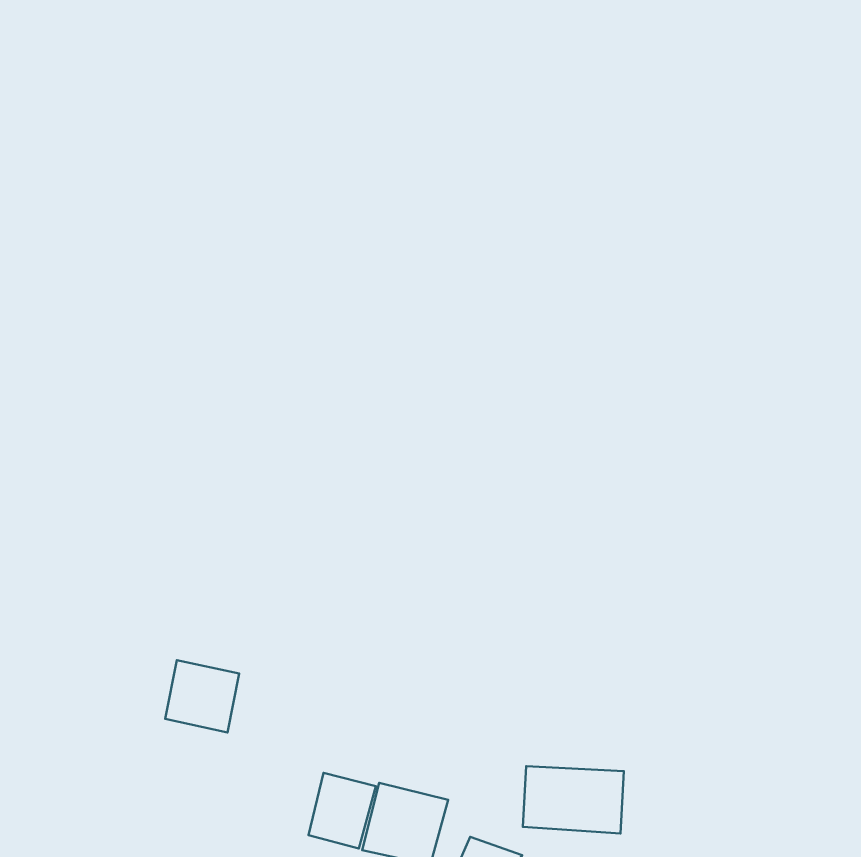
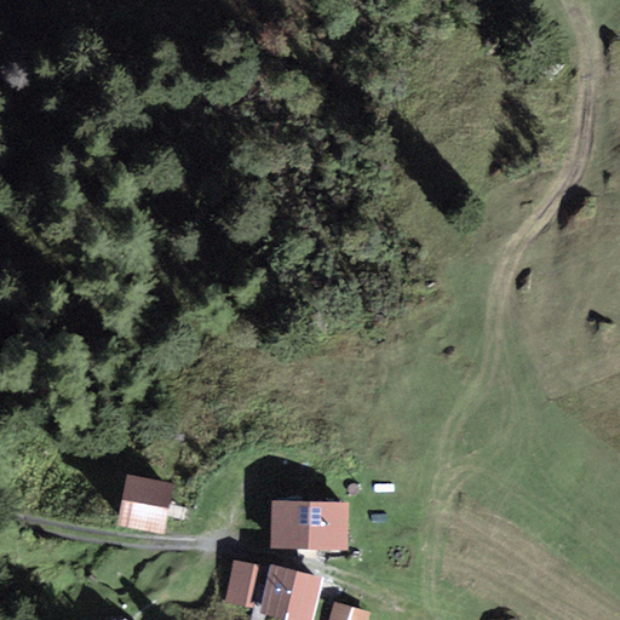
building: [523,766,624,833] -> [274,498,346,546]

